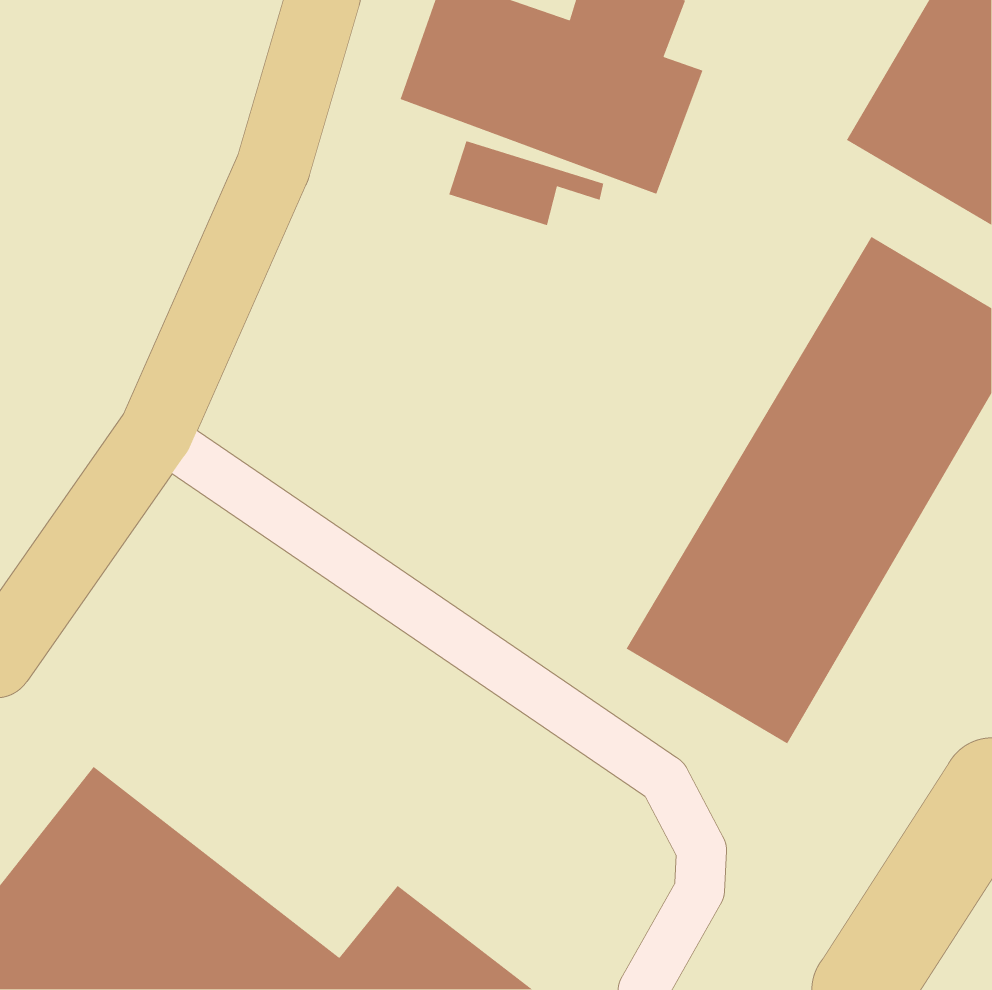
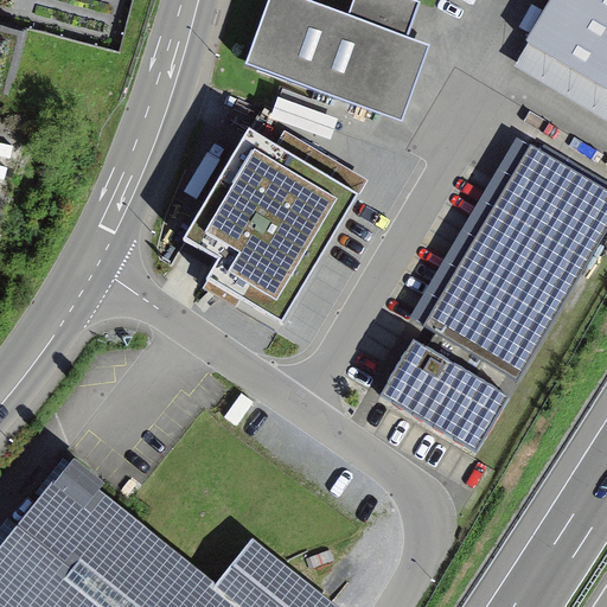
building: none -> [180,124,359,320]

